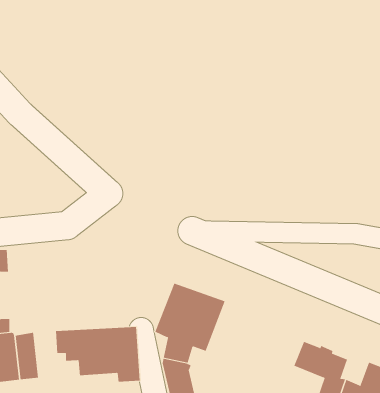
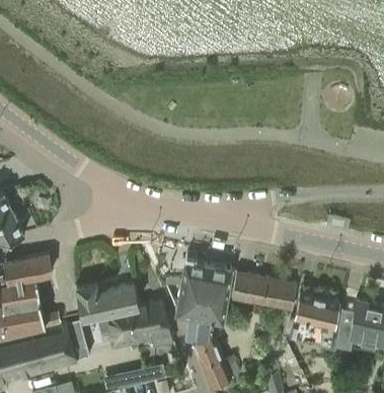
building: none -> [75,282,138,318]
building: none -> [231,272,295,304]

